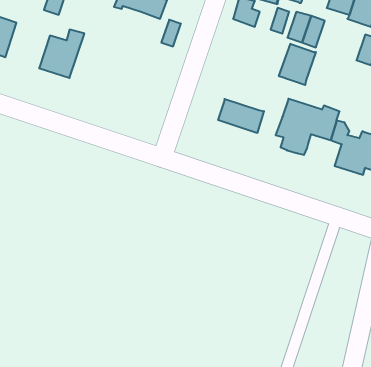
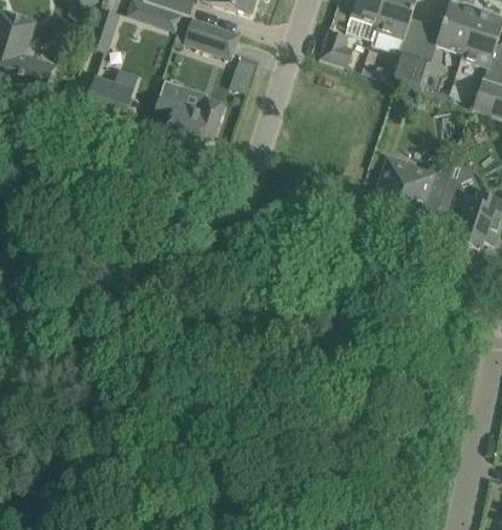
building: none -> [152,79,223,156]
building: [279,44,316,85] -> none
building: [218,99,264,133] -> none

